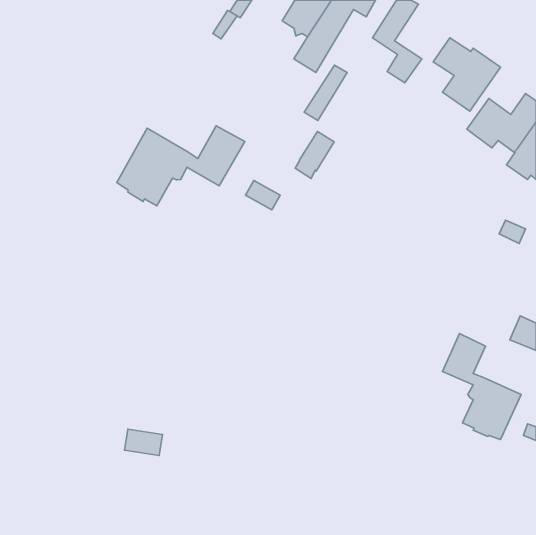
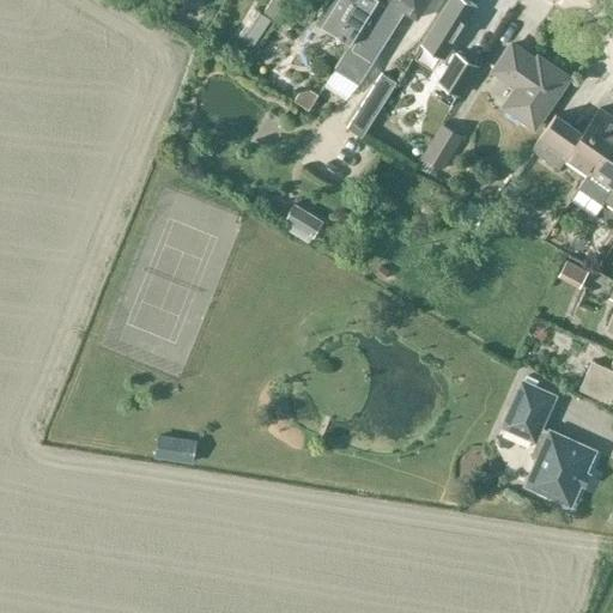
building: [117,126,245,206] -> none
building: [295,131,334,179] -> [418,125,462,178]
building: [125,429,162,456] -> [154,435,198,465]

